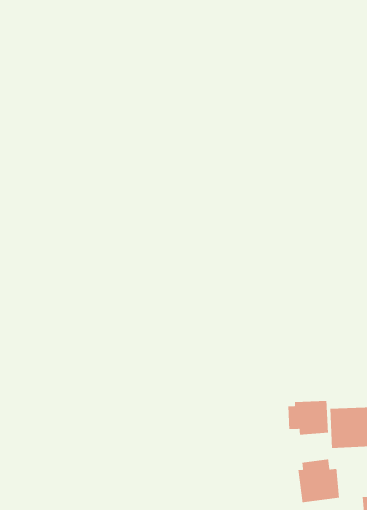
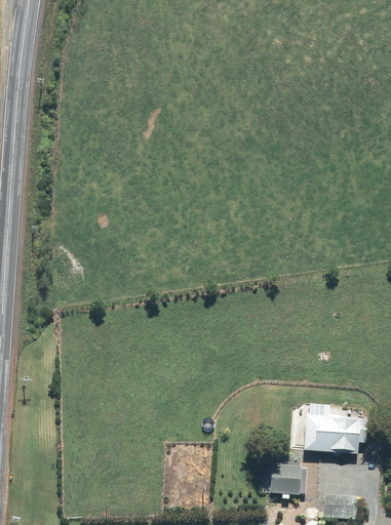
building: [287,400,329,435] -> none

